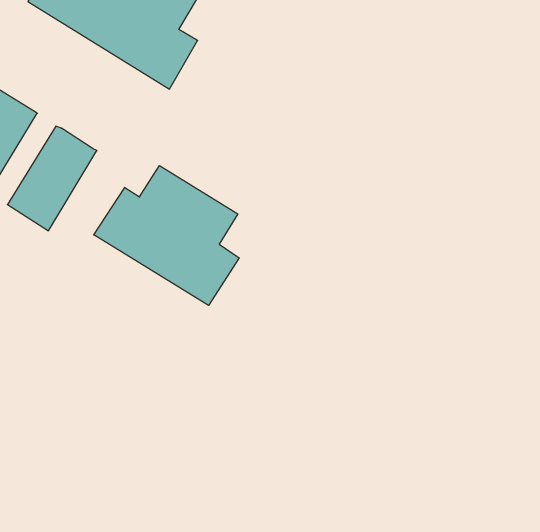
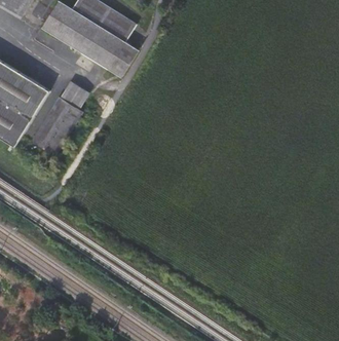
building: none -> [63,82,89,110]
building: [94,166,239,305] -> none

